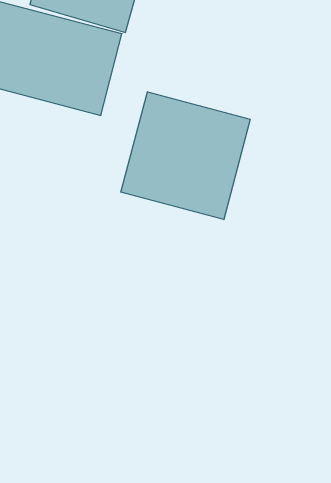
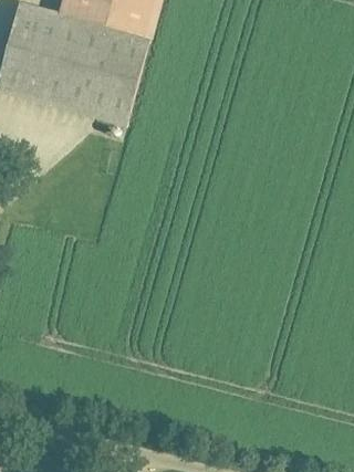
building: [121,92,250,220] -> none

